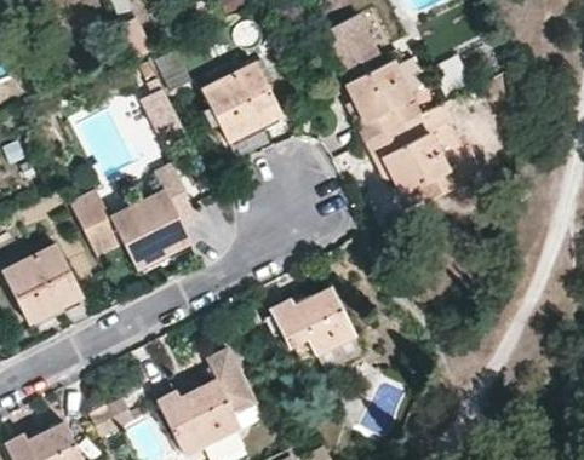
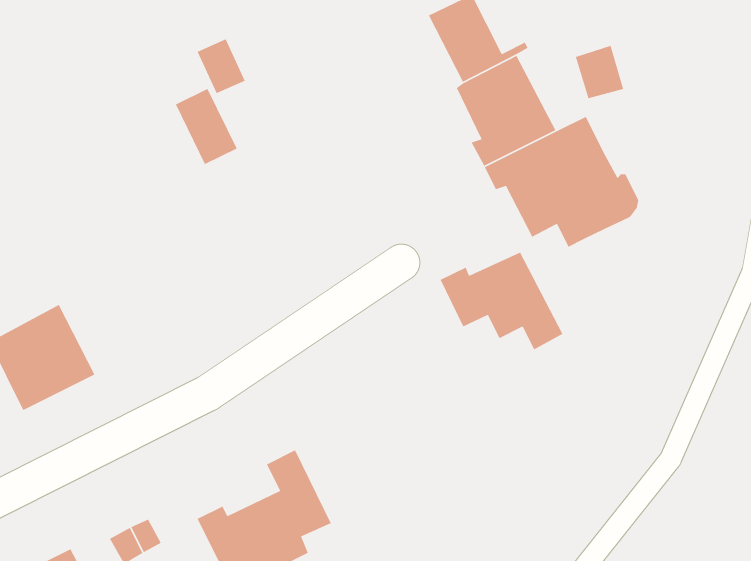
building: [202,64,281,140] -> none
building: [71,189,191,268] -> none
building: [271,289,362,362] -> [440,252,564,351]

